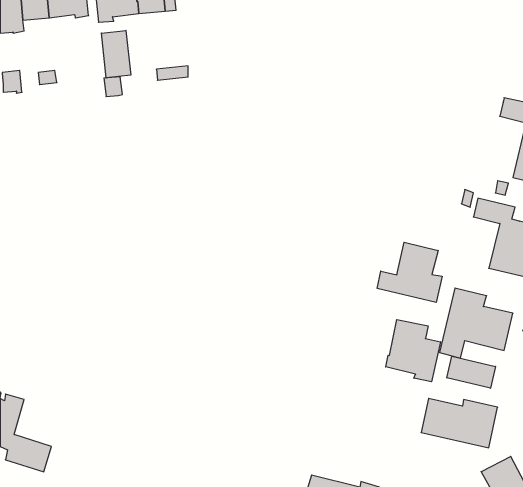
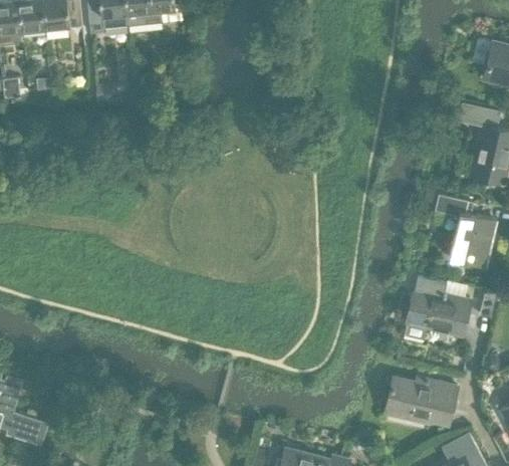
building: [101,30,131,78] -> none
building: [377,242,442,302] -> none
building: [386,320,440,382] -> none
building: [447,356,495,388] -> none

